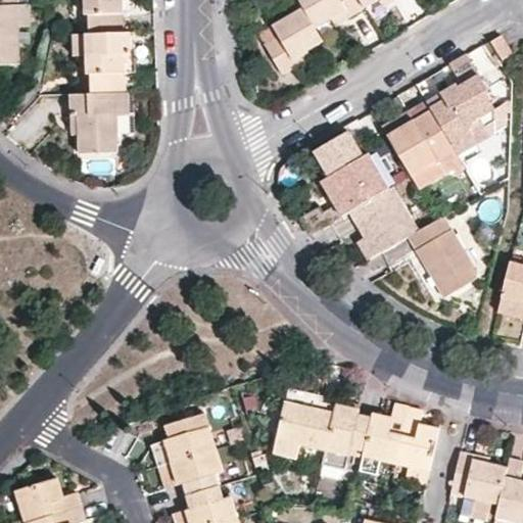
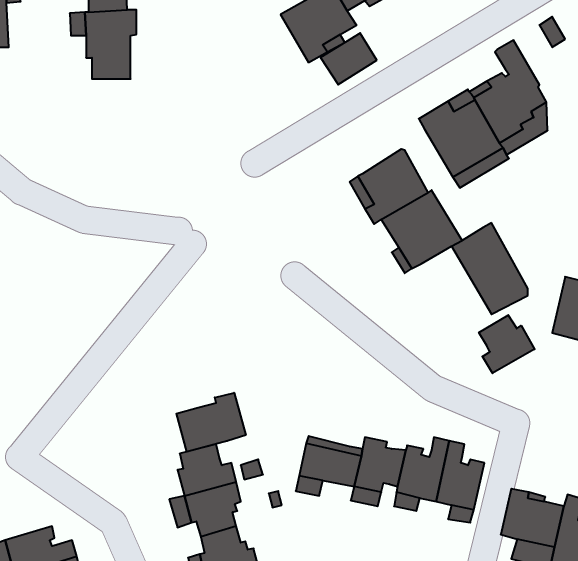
building: [75,90,139,151] -> none
building: [315,129,364,174] -> [321,33,377,85]
building: none -> [479,315,535,373]
building: none -> [176,393,246,452]

